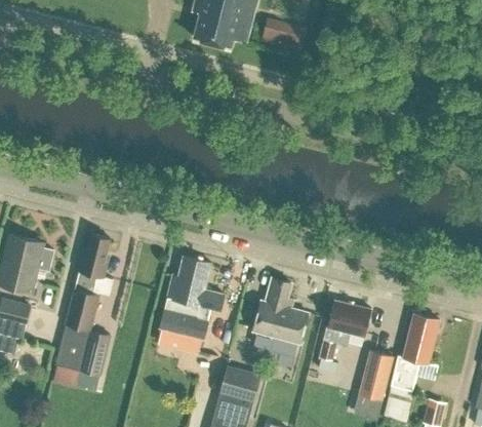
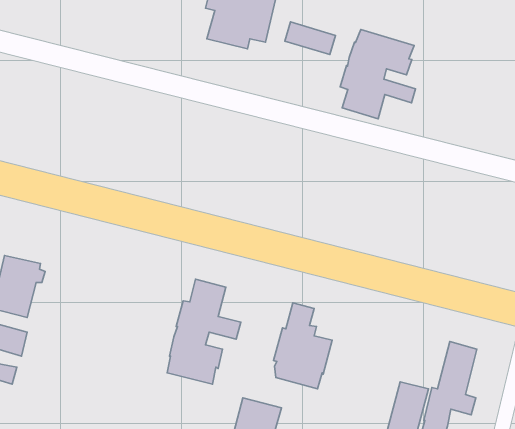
building: none -> [340,29,416,119]
building: [53,235,111,387] -> none
building: [318,302,371,374] -> none

